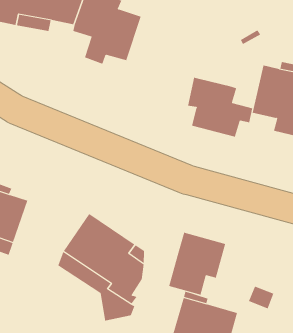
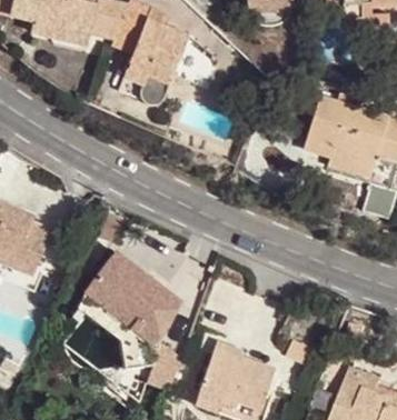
building: [188,77,253,137] -> none
building: [169,232,226,296] -> none

